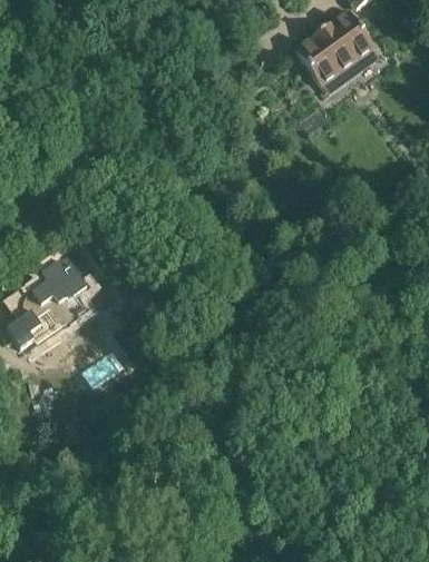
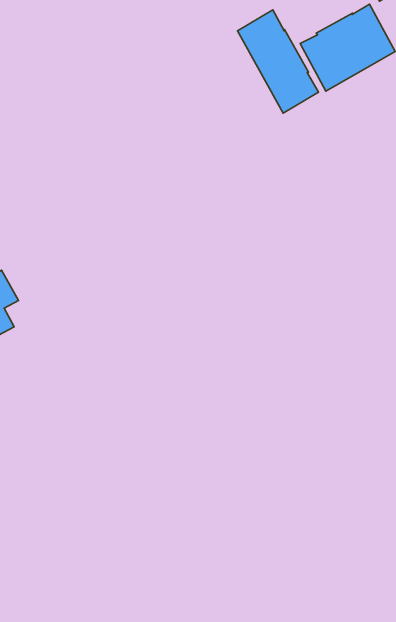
building: none -> [237,10,319,113]

